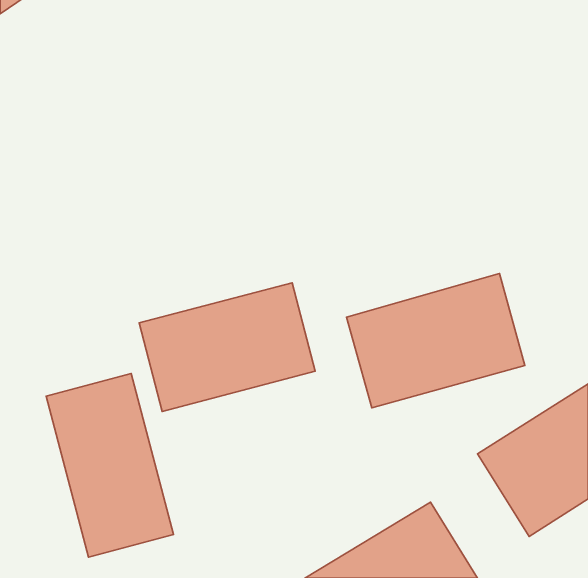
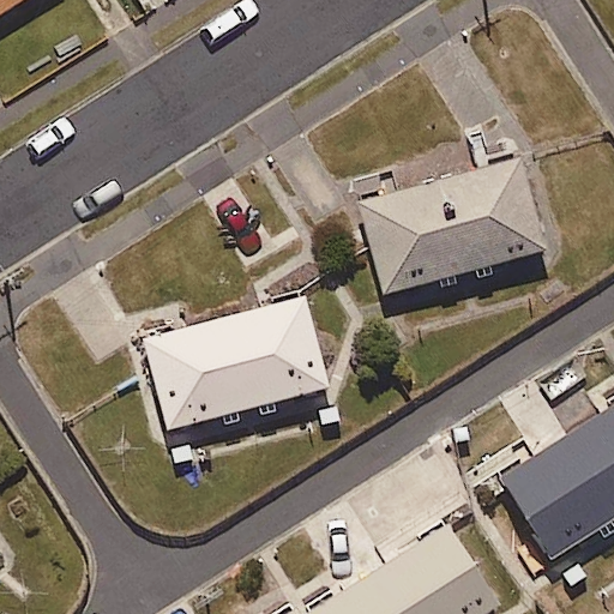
building: [346,274,525,408] -> [360,155,546,295]
building: [46,373,173,557] -> none

